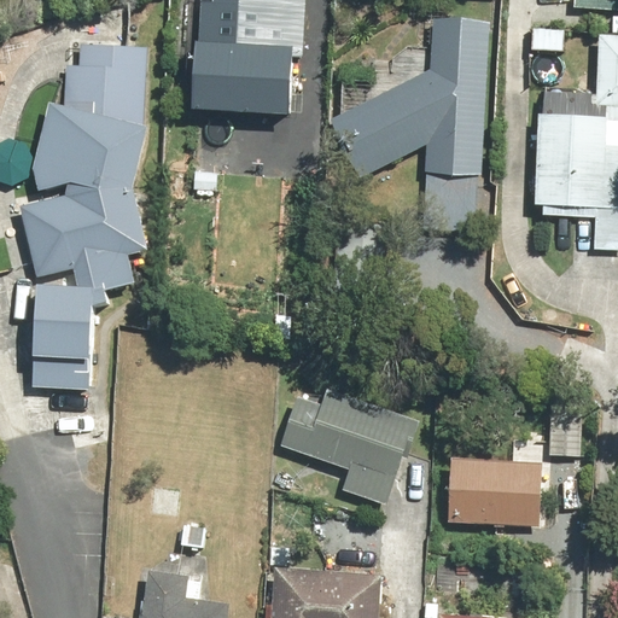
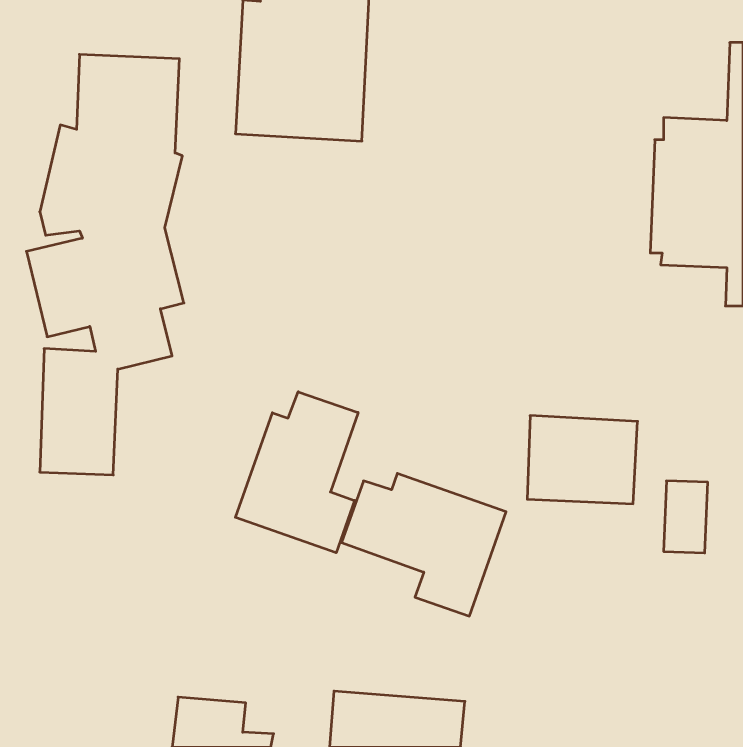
building: [330,18,488,231] -> none
building: none -> [235,392,358,553]
building: [451,454,542,526] -> [527,416,638,504]

